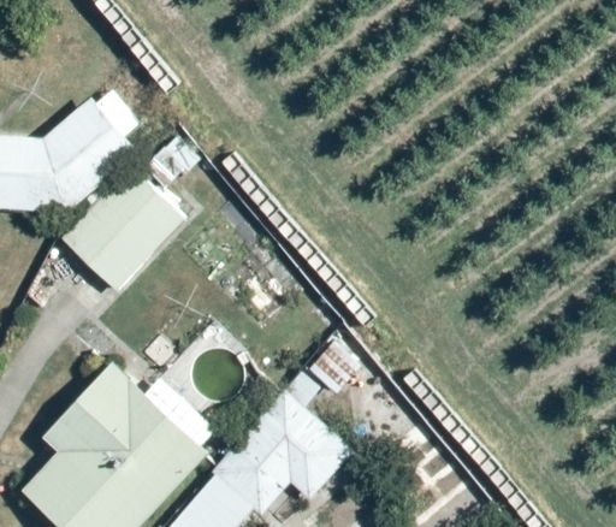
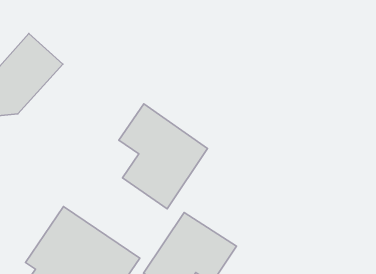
building: [59,168,183,294] -> none
building: none -> [119,104,208,209]

